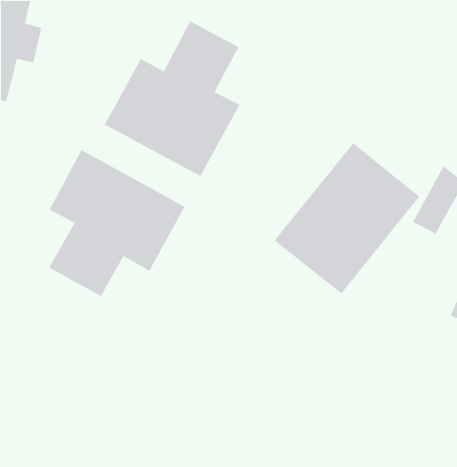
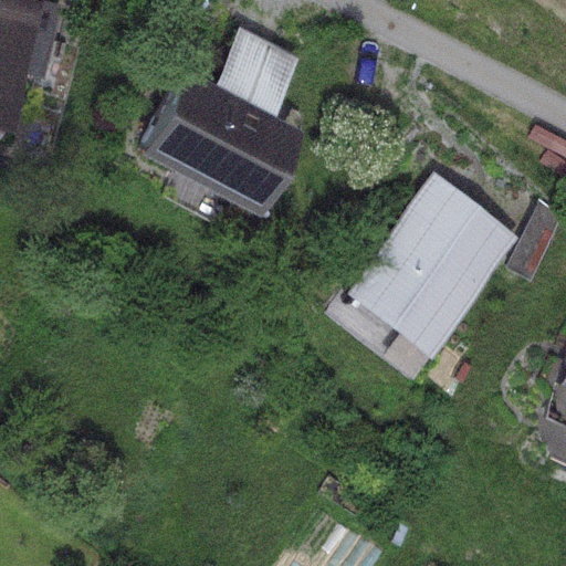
building: [48,149,186,297] -> none

